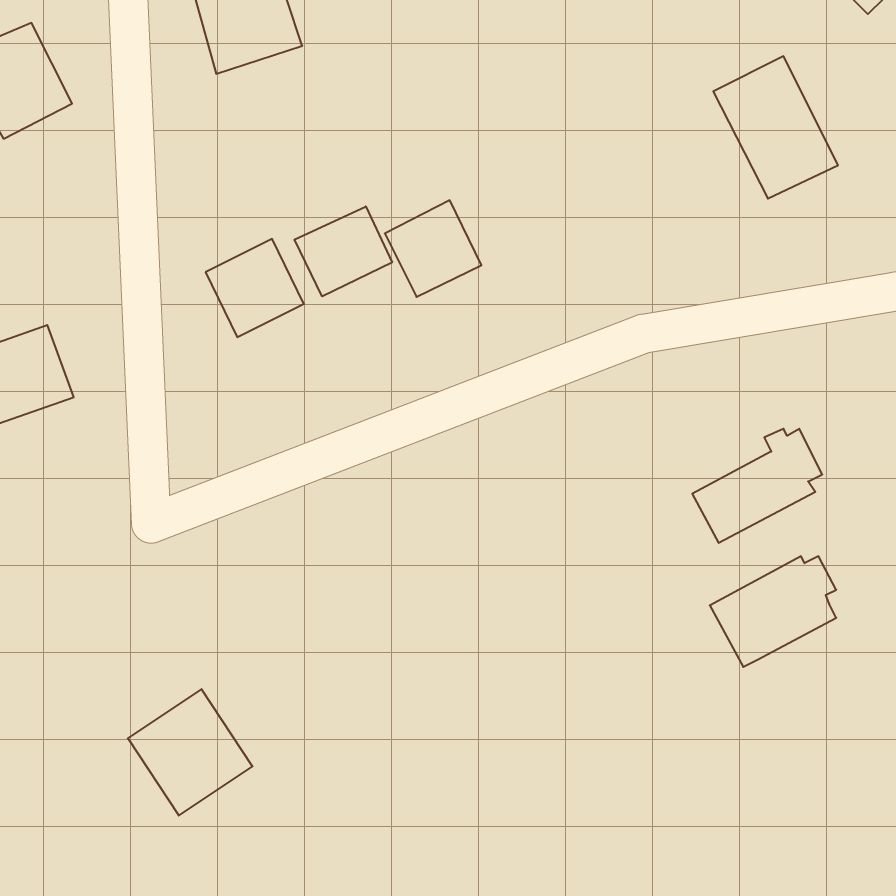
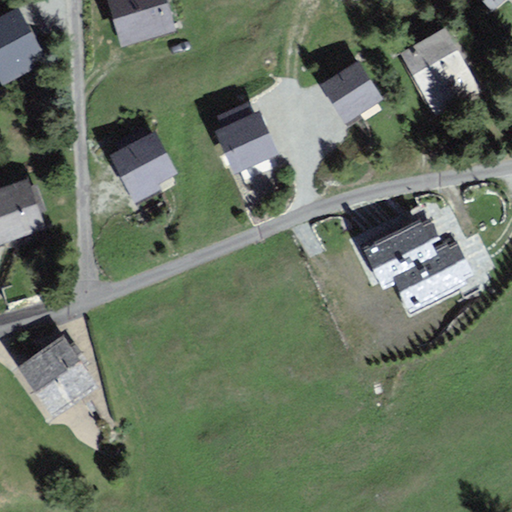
building: none -> [326,66,378,118]
building: [295,206,392,296] -> none
building: [710,556,836,667] -> [367,222,439,285]
building: [128,689,253,816] -> [23,341,94,413]

